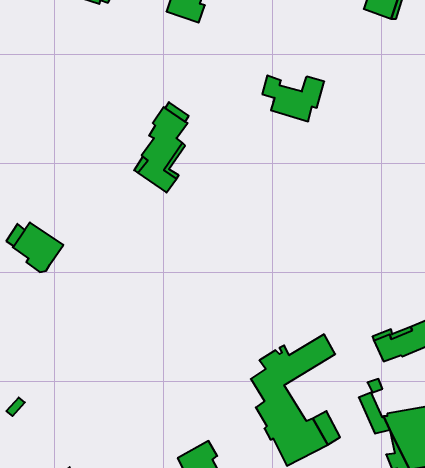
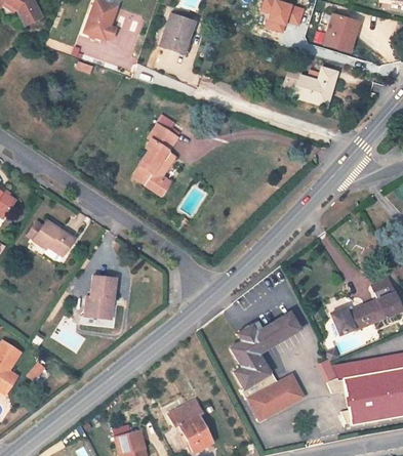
building: [262,75,324,121] -> [285,67,336,105]
building: none -> [85,275,116,319]

